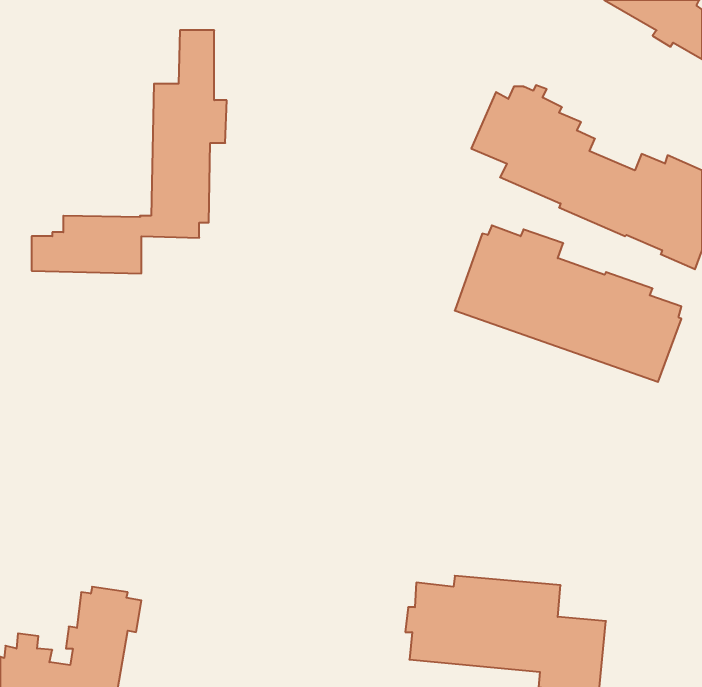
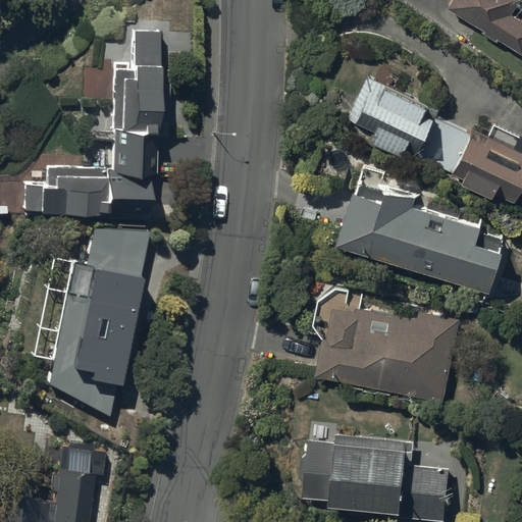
building: none -> [42,230,144,419]
building: none -> [317,305,460,403]

